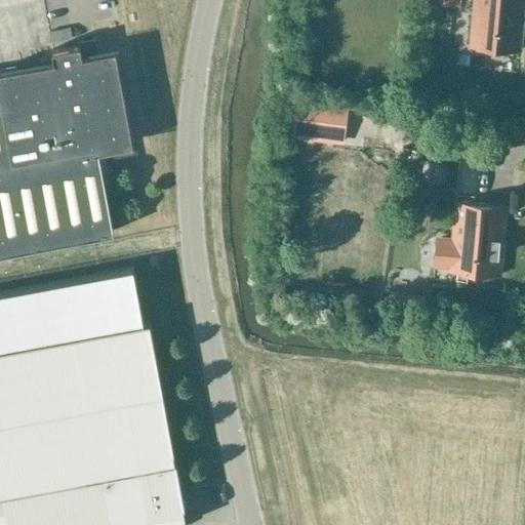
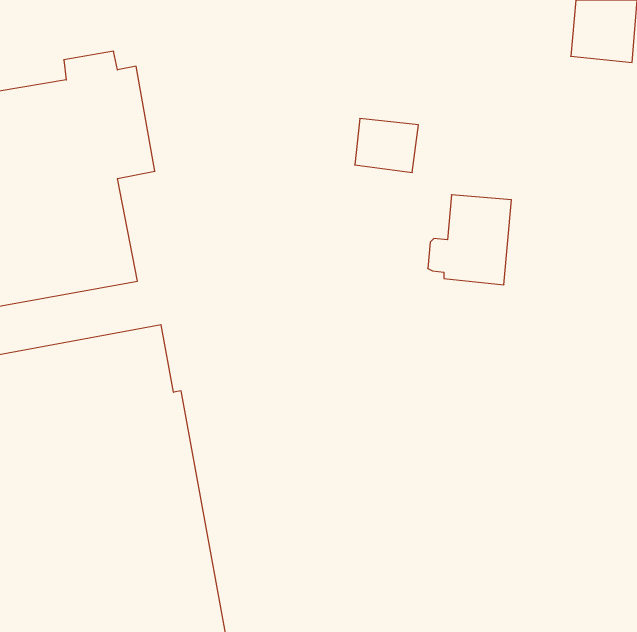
building: [436,207,504,281] -> [428,195,511,285]

